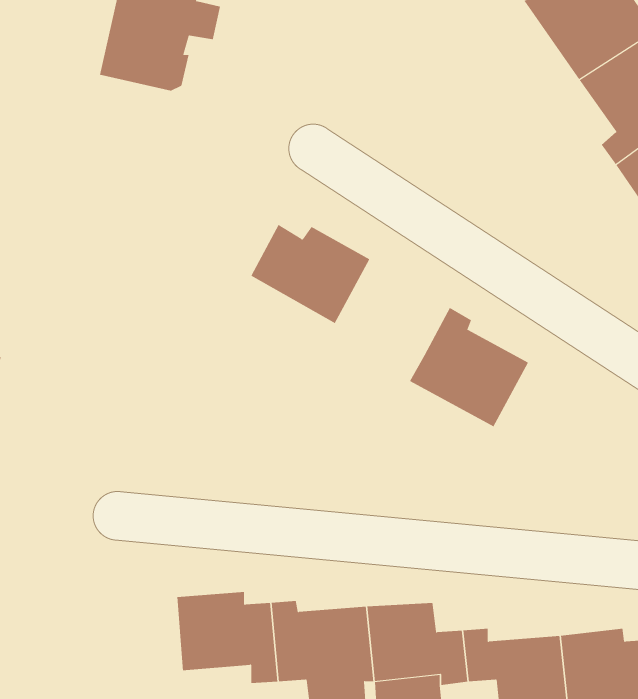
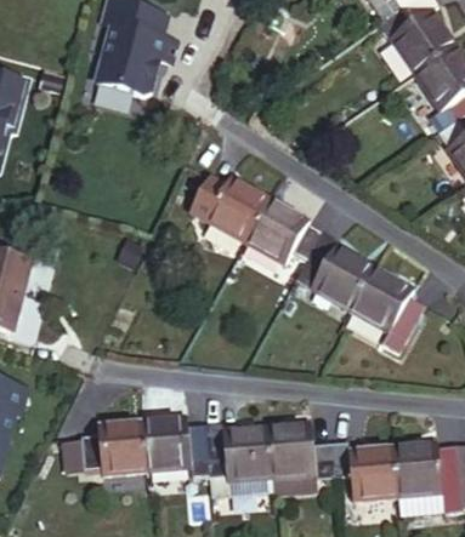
building: none -> [249,198,324,261]
building: none -> [353,265,425,350]
building: none -> [81,419,148,473]

